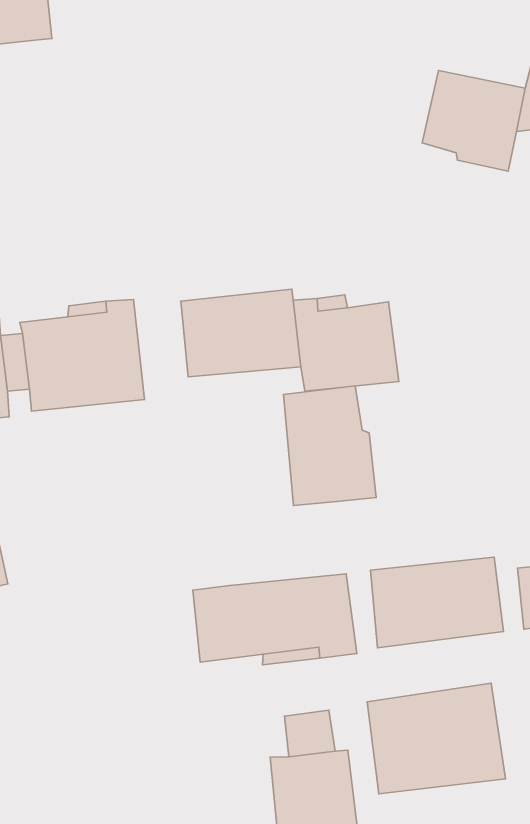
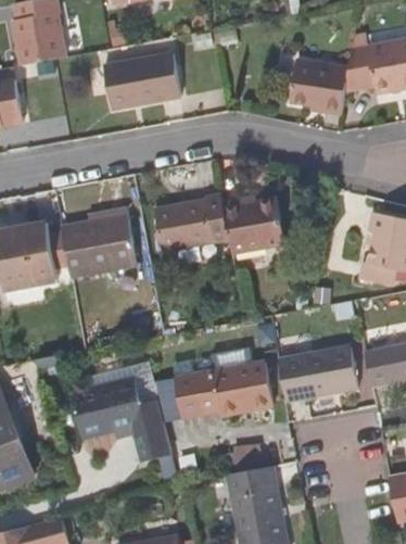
building: none -> [103,52,181,110]
building: [283,386,376,505] -> none
building: none -> [69,376,170,460]
building: [367,683,506,794] -> none

